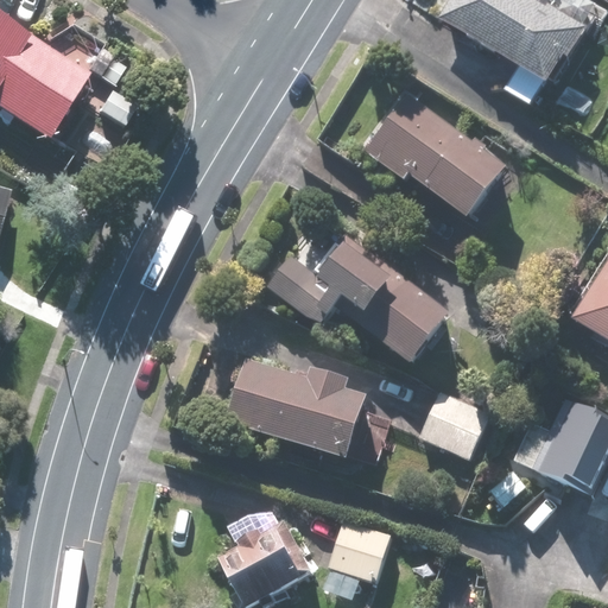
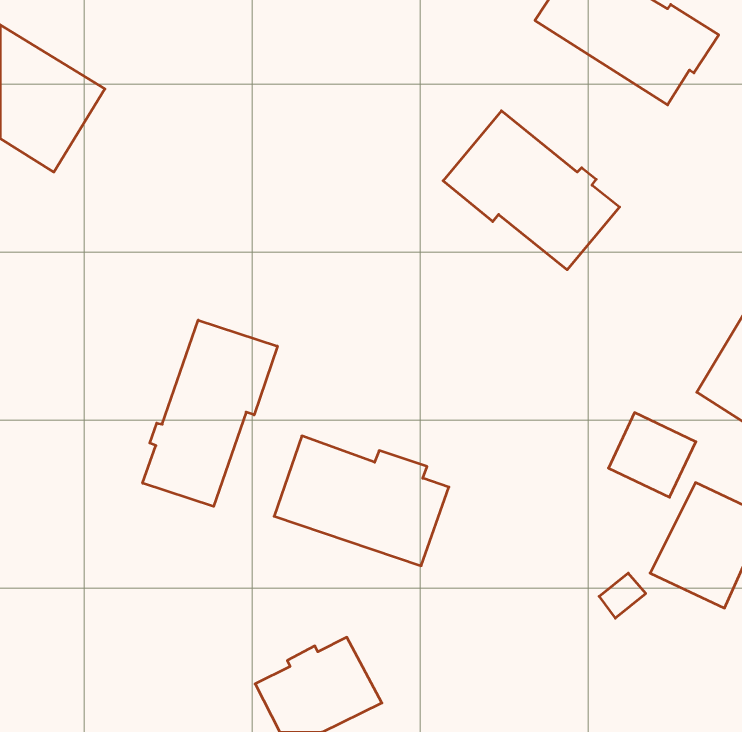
building: [268,230,451,366] -> none
building: none -> [143,320,277,506]
building: [420,388,492,457] -> [608,413,696,497]
building: [329,515,393,580] -> none

